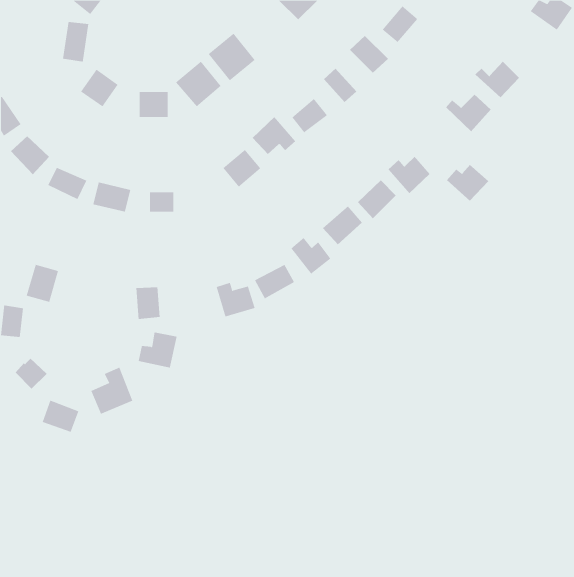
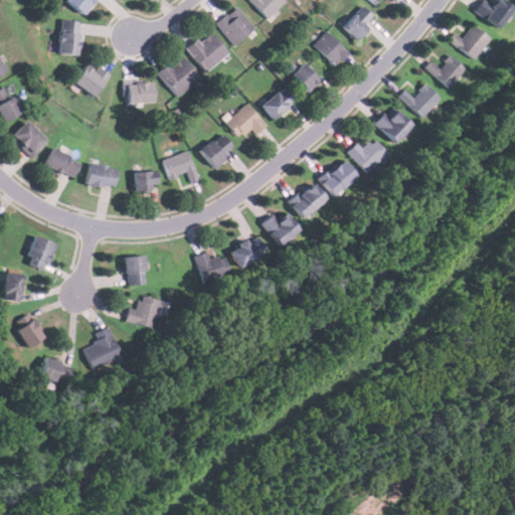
building: none -> [217,6,255,44]
building: none -> [449,24,491,59]
building: [446,164,489,201] -> [374,109,412,142]
building: none -> [164,151,199,183]

